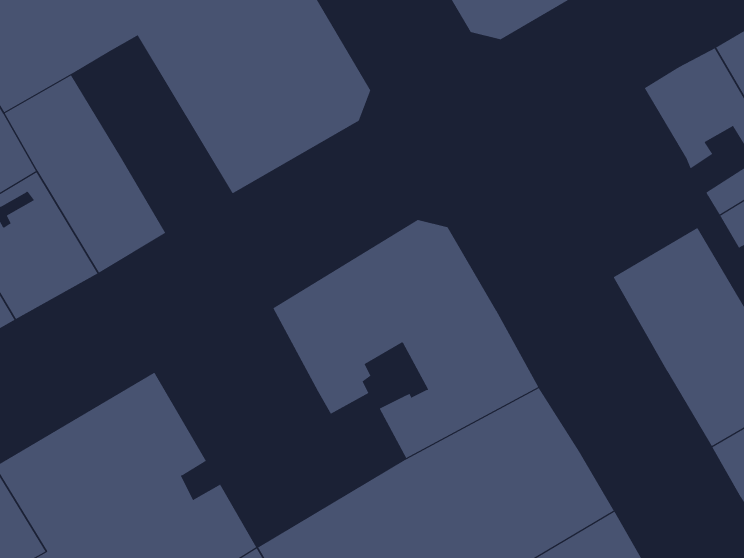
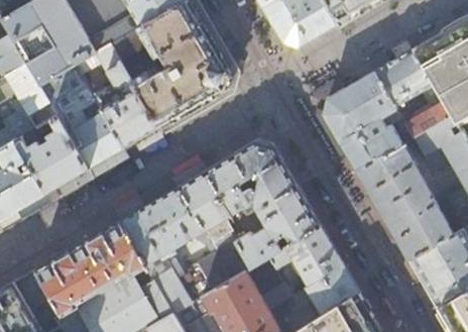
building: none -> [96,44,159,147]
building: none -> [325,72,414,171]
building: none -> [119,187,250,312]

